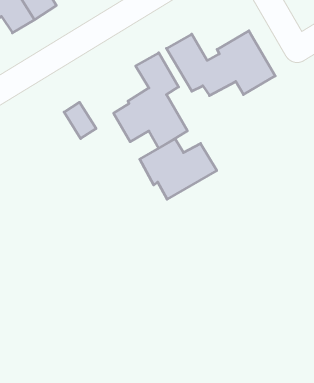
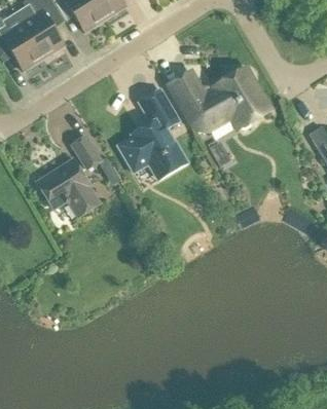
building: none -> [37,158,100,216]
building: [140,139,217,199] -> none

